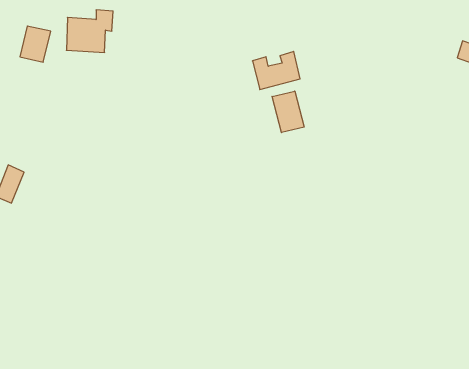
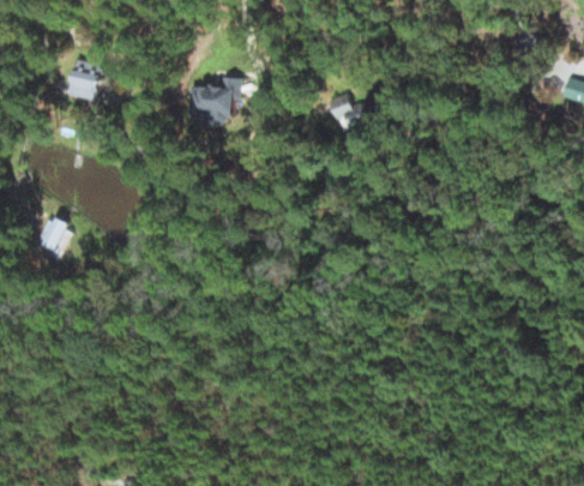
building: [66,10,113,52] -> [186,76,239,124]
building: [272,91,304,133] -> none

